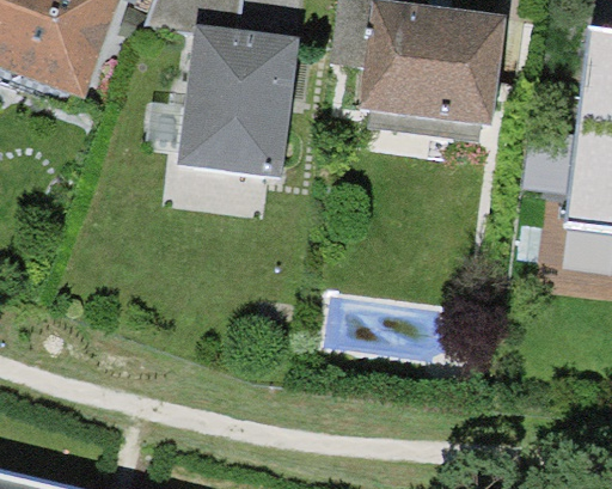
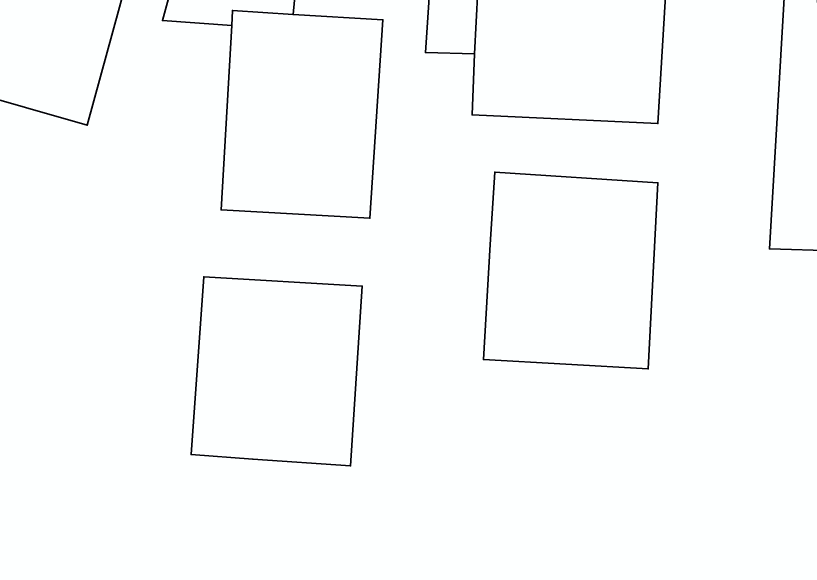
building: none -> [483,172,658,369]
building: none -> [191,277,362,466]

